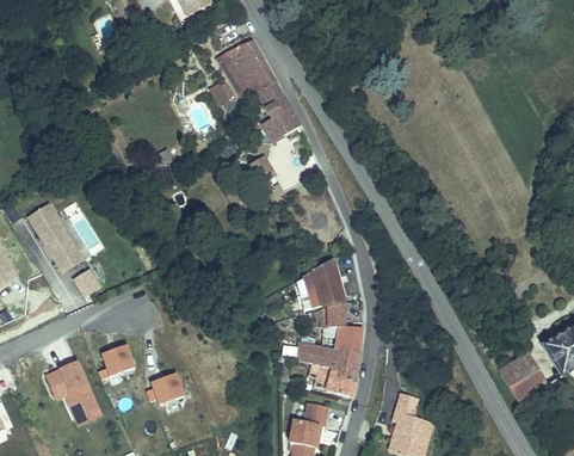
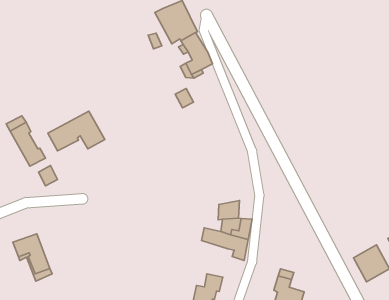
building: none -> [48,111,105,151]
building: [296,258,345,310] -> none
building: [99,345,134,378] -> none
building: [309,363,356,396] -> none
building: [147,372,184,405] -> none

